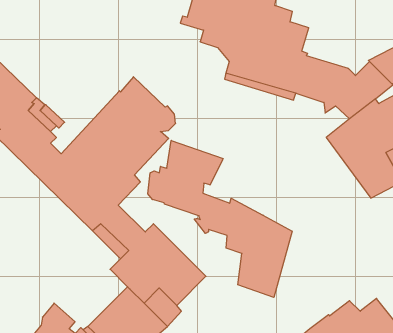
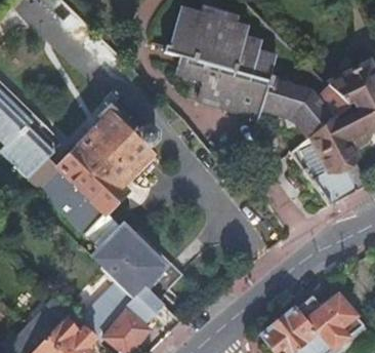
building: [148,140,292,297] -> none

